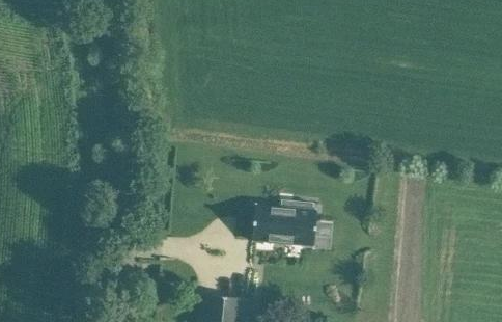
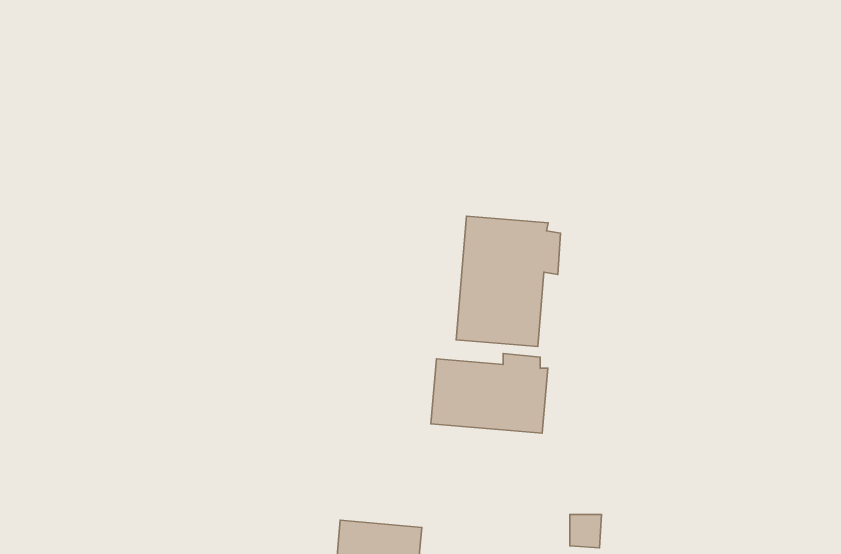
building: none -> [456,216,560,346]

